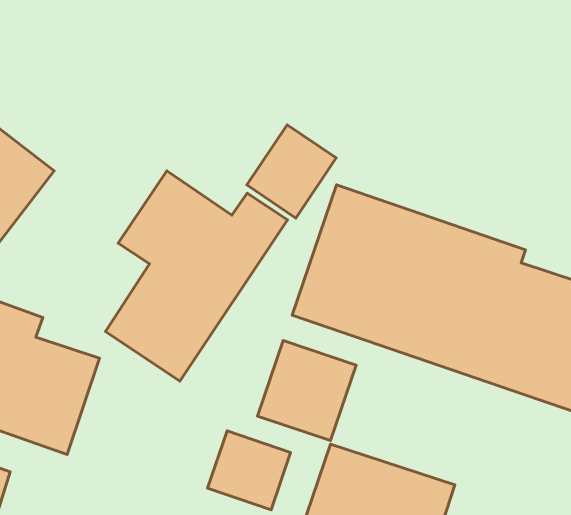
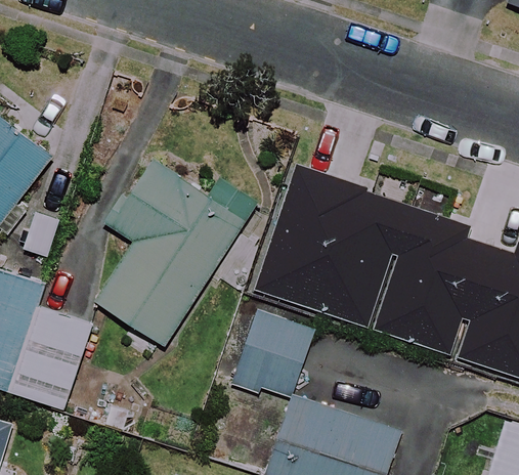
building: [247,125,336,218] -> none
building: [208,431,291,510] -> none

